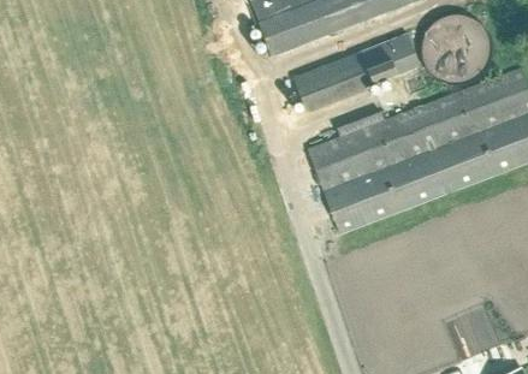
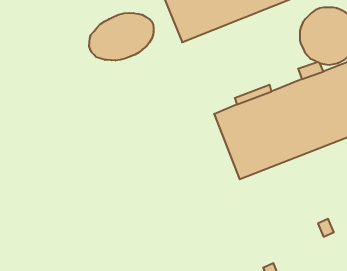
building: none -> [89,13,154,61]
building: [295,34,419,111] -> none

